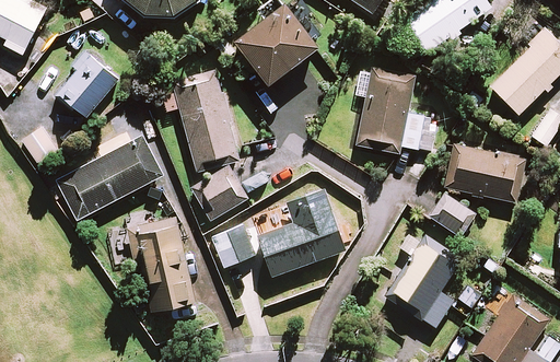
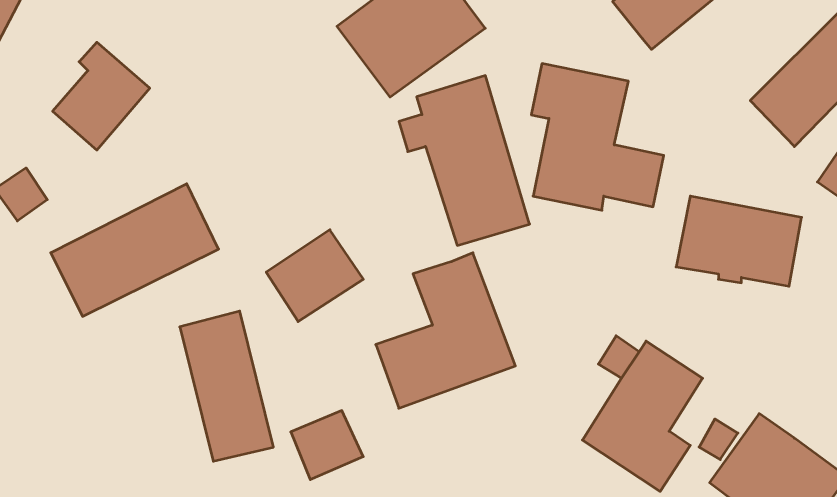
building: [161,68,242,173] -> [399,76,530,245]
building: [429,194,475,236] -> none
building: [212,225,257,268] -> [291,411,363,480]

